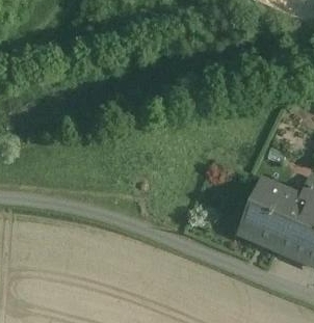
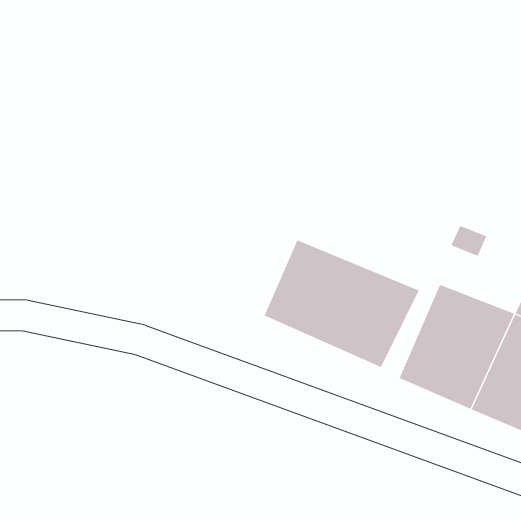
building: none -> [264,239,419,368]

